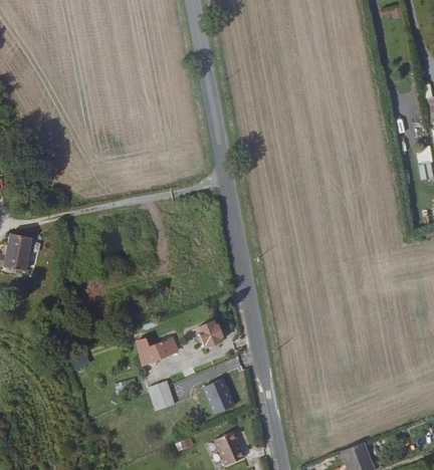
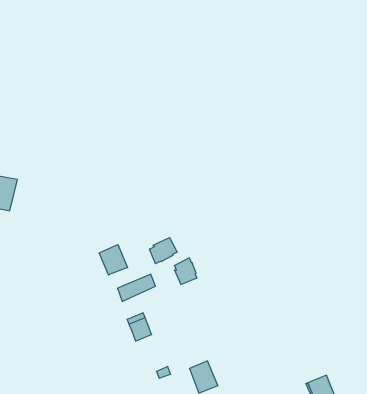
building: none -> [149,238,177,264]
building: none -> [99,245,128,275]
building: [204,378,235,413] -> none

